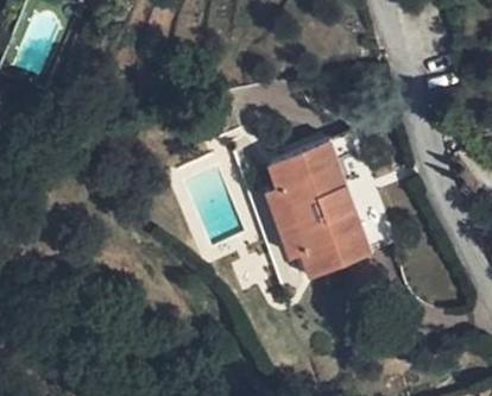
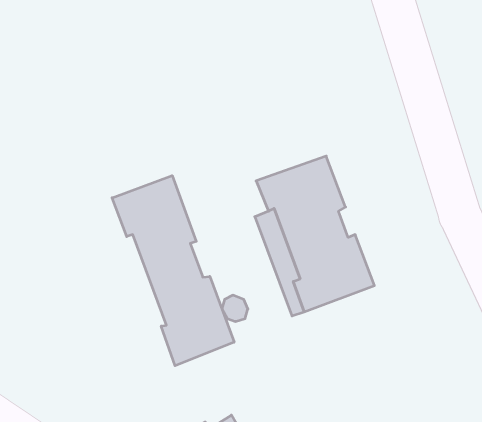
building: none -> [112,176,234,366]

